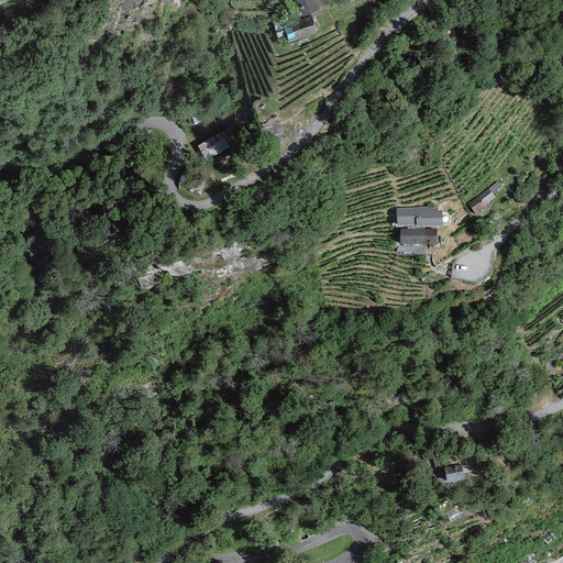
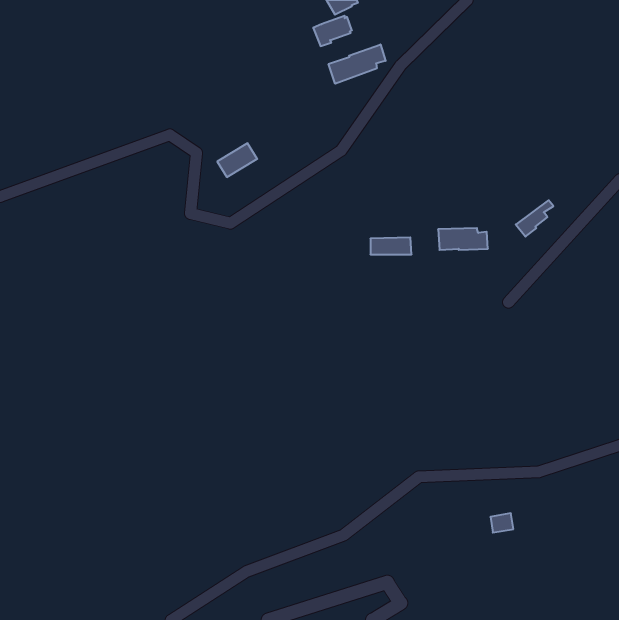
building: none -> [329,44,386,84]
building: [400,229,438,244] -> [370,237,412,254]

